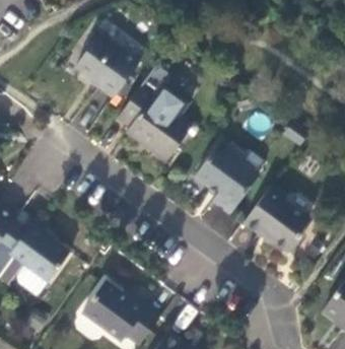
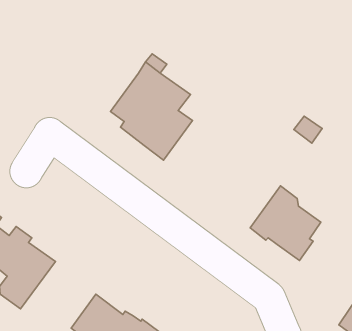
building: [75,31,138,97] -> none
building: [194,141,257,214] -> none

